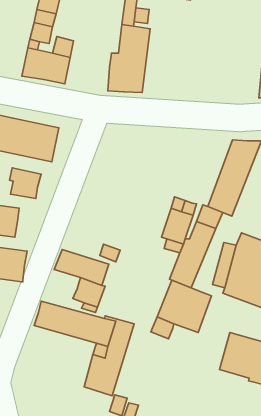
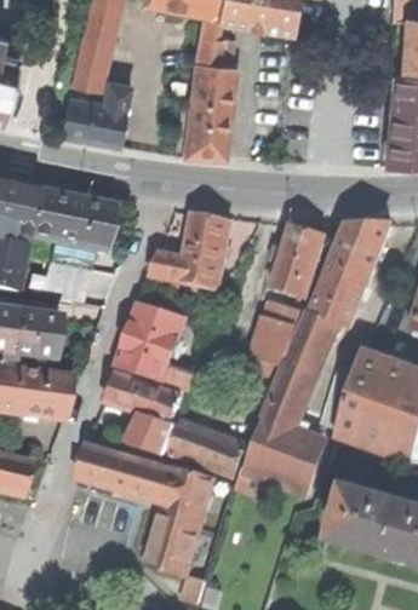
building: none -> [151,213,231,288]
building: none -> [273,225,326,300]
building: none -> [118,304,185,382]
building: none -> [171,424,246,476]

